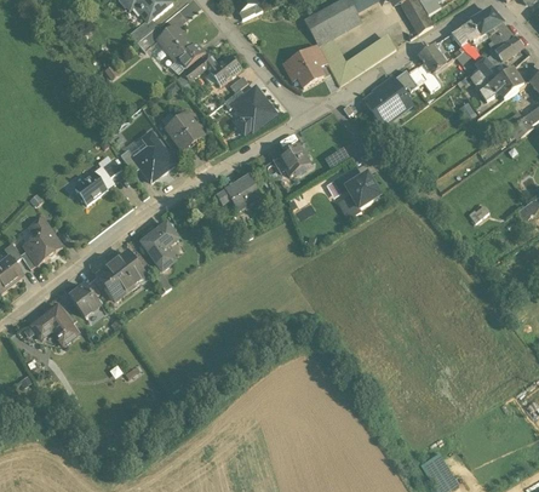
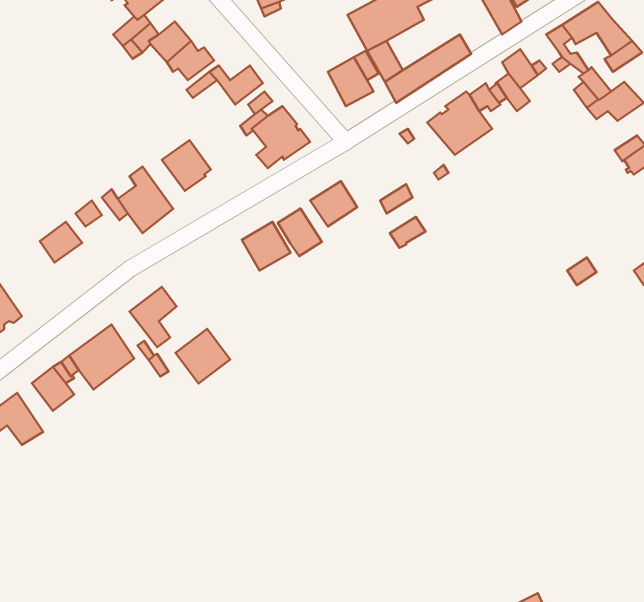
building: none -> [278,208,322,256]
building: [348,177,379,208] -> none
building: none -> [175,329,230,383]

